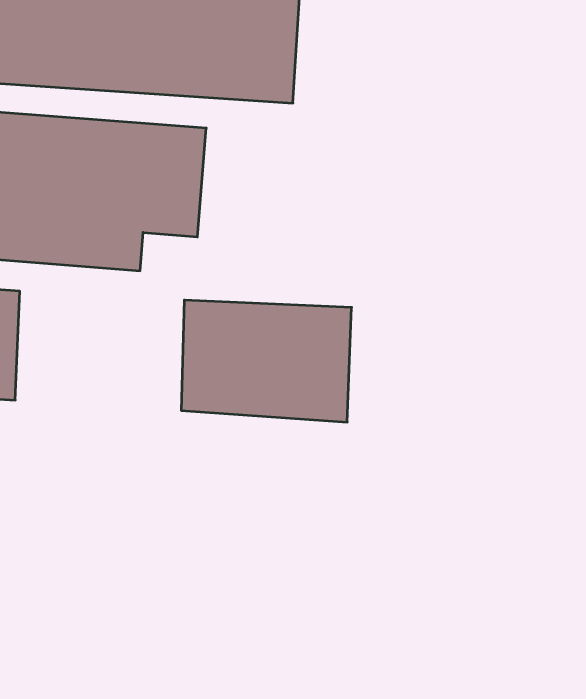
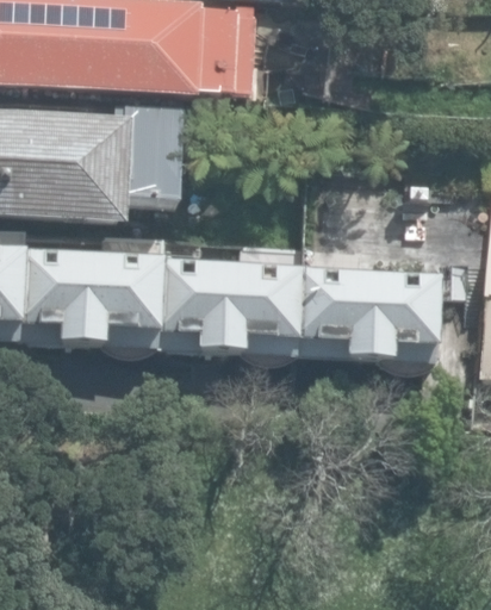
building: none -> [24,251,161,348]
building: none -> [293,264,435,359]

